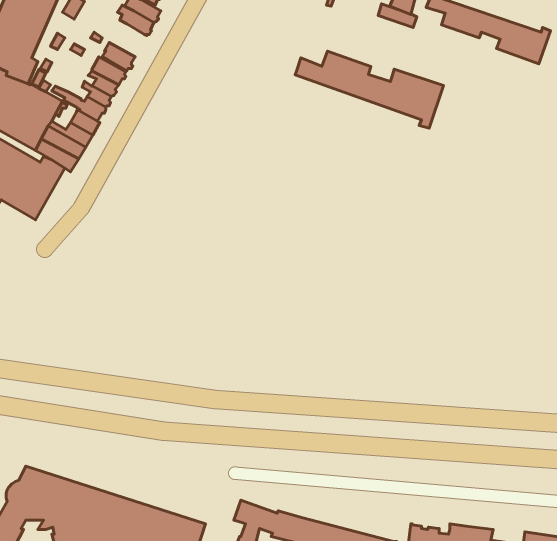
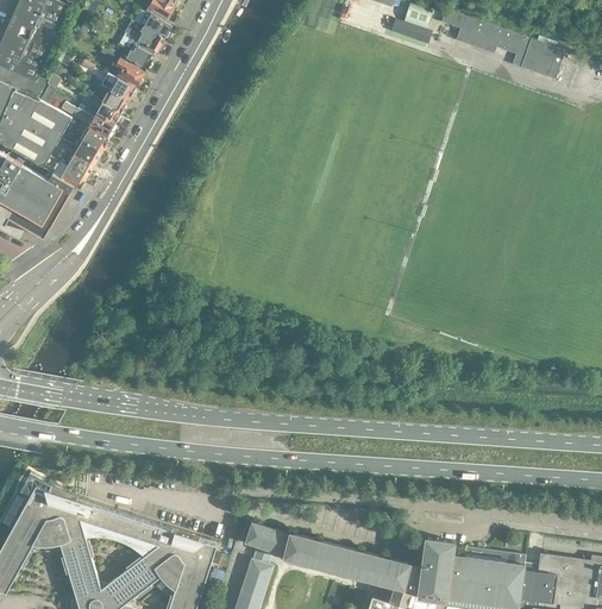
building: none -> [123,34,153,69]
building: [295,51,443,128] -> none

